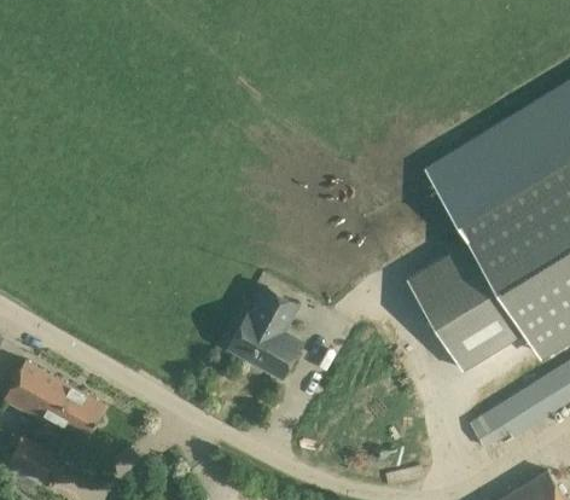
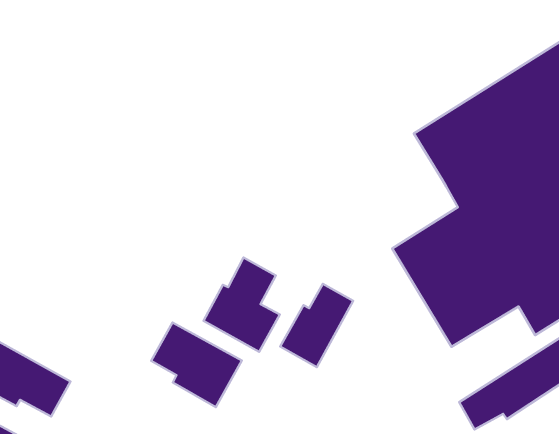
building: none -> [280,284,353,367]
building: none -> [151,322,242,407]

